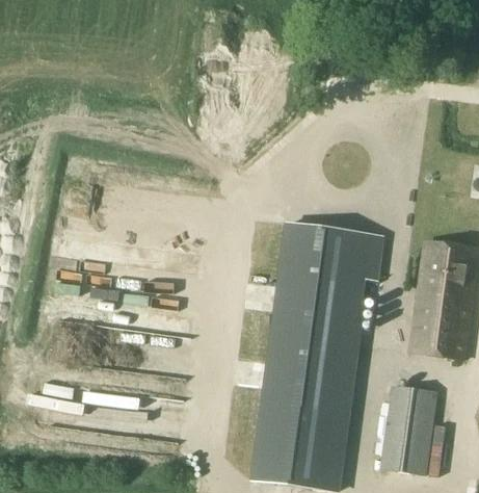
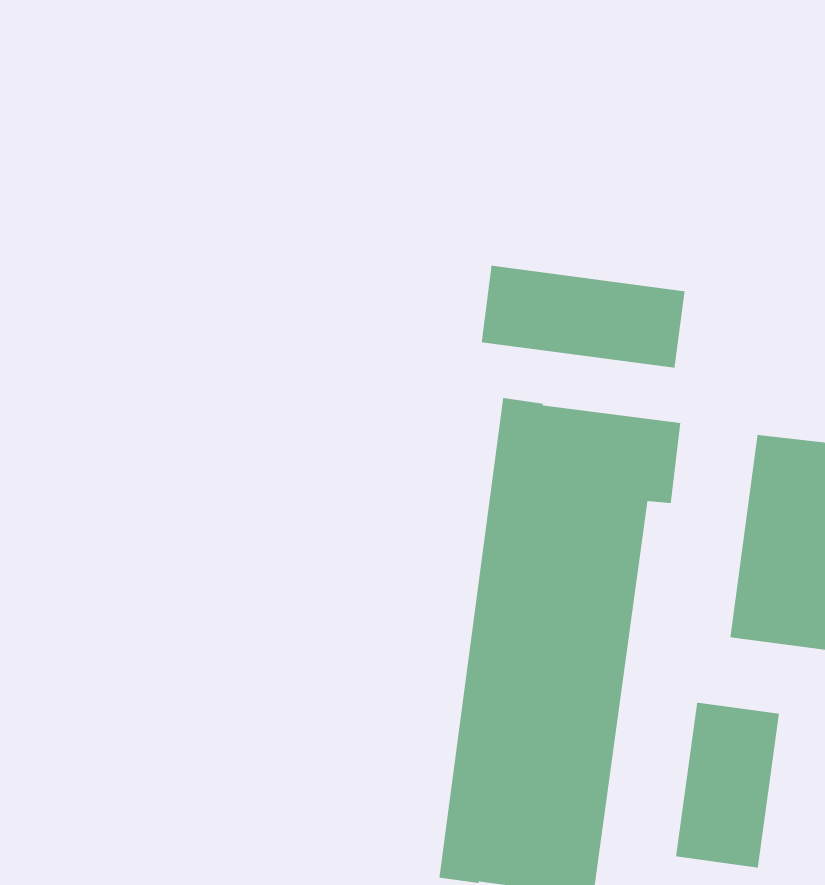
building: none -> [481,265,685,369]

